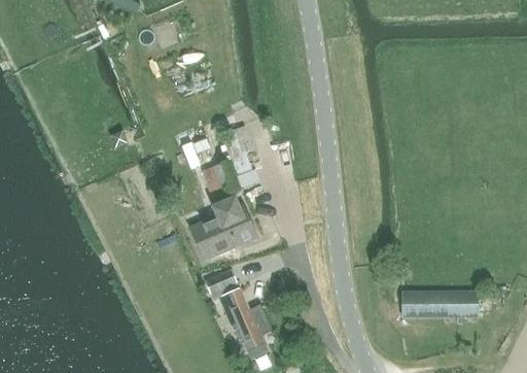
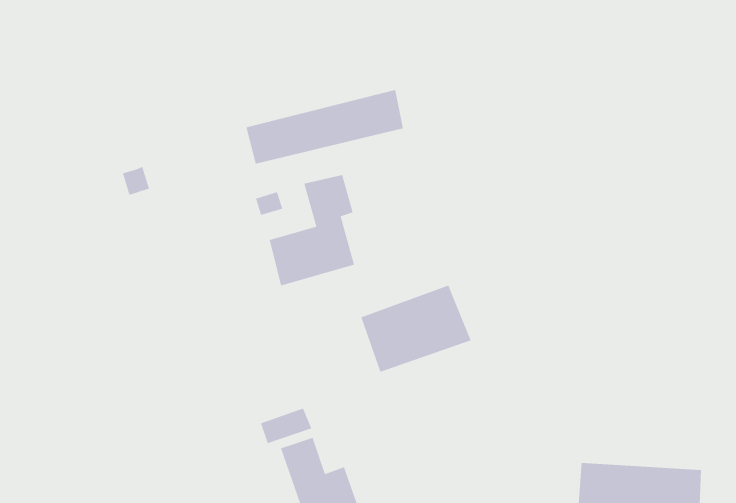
building: none -> [246,89,403,164]
building: [189,203,258,260] -> [360,285,472,373]

